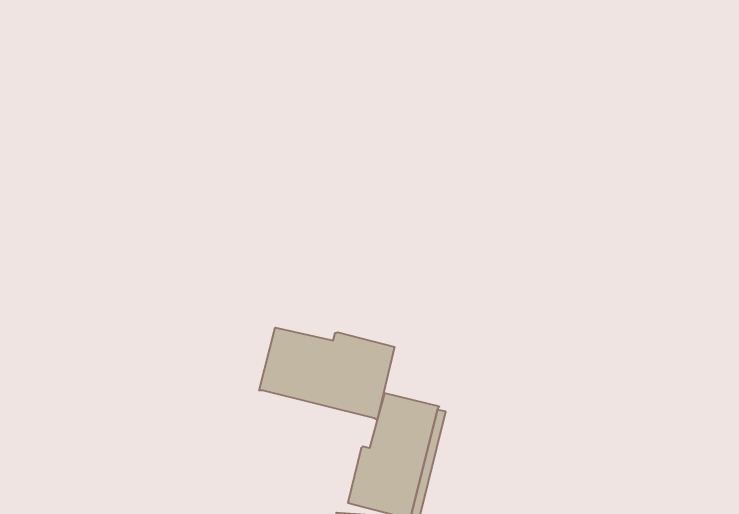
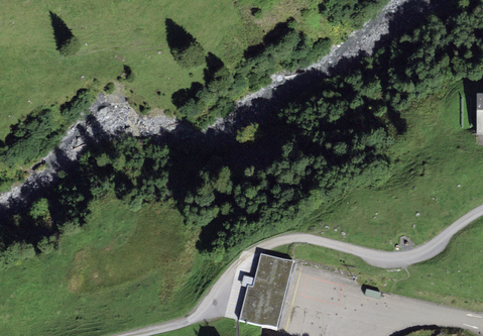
building: [259,328,395,420] -> none

